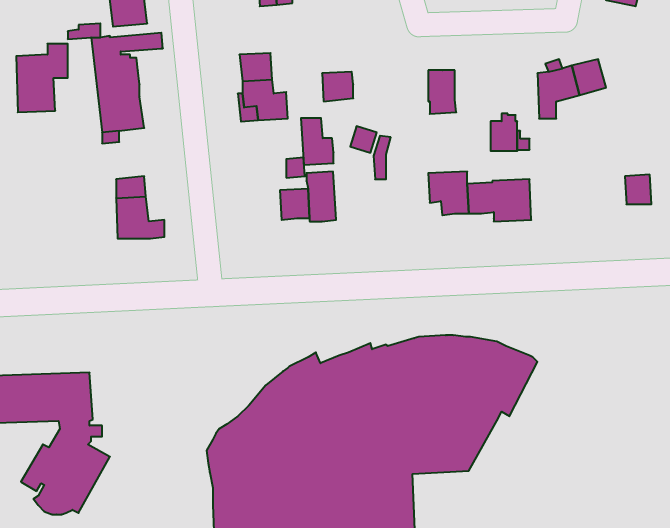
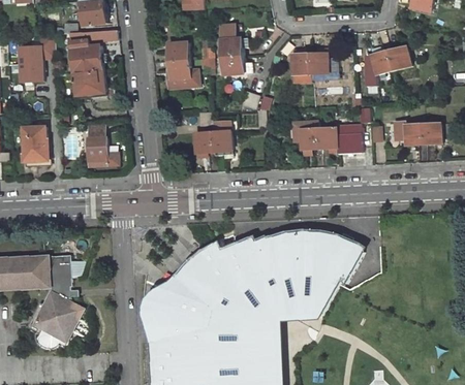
building: [491,114,517,151] -> [310,49,328,73]
building: [301,118,334,165] -> [220,25,242,56]
building: none -> [393,121,424,143]
building: none -> [22,127,45,166]

